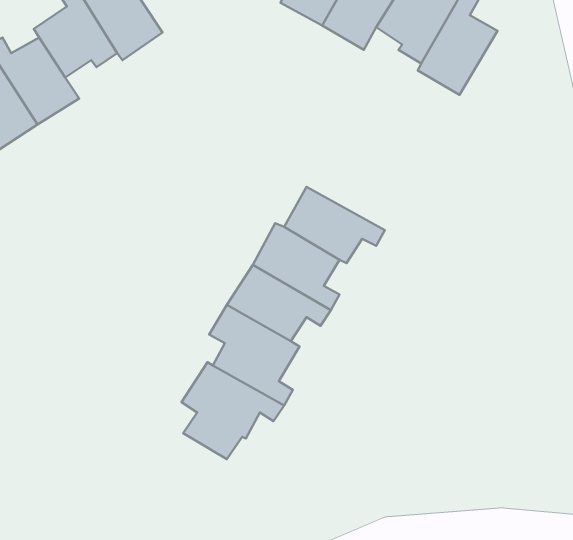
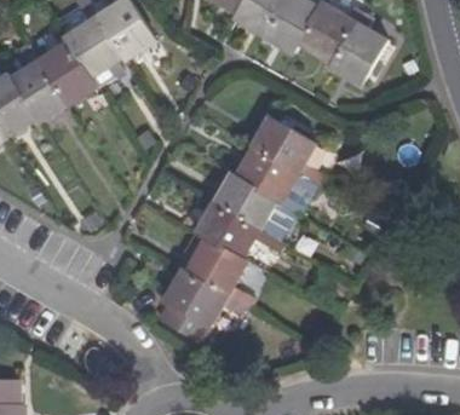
building: none -> [252,119,314,179]

